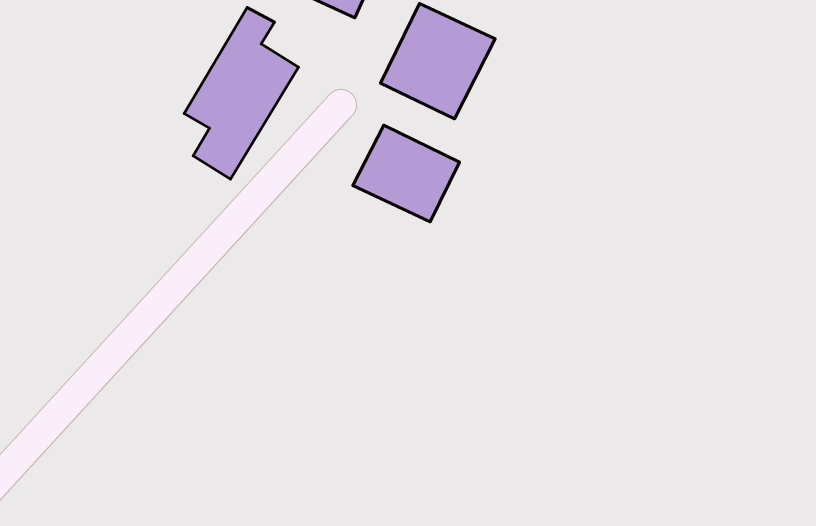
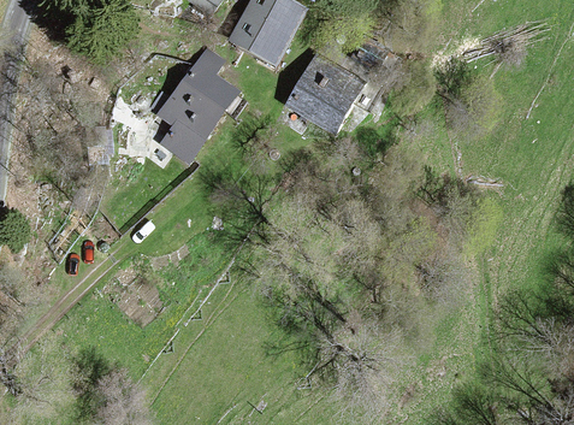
building: [353,125,460,222] -> none

